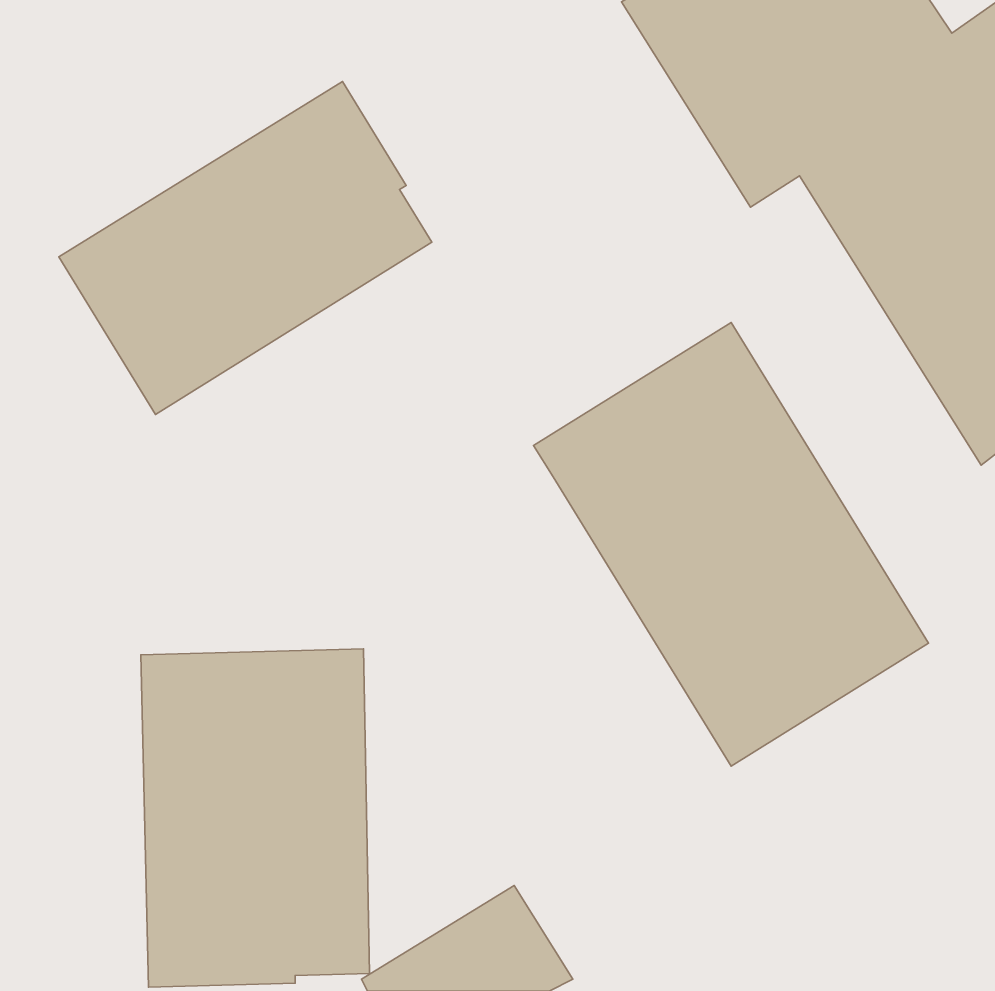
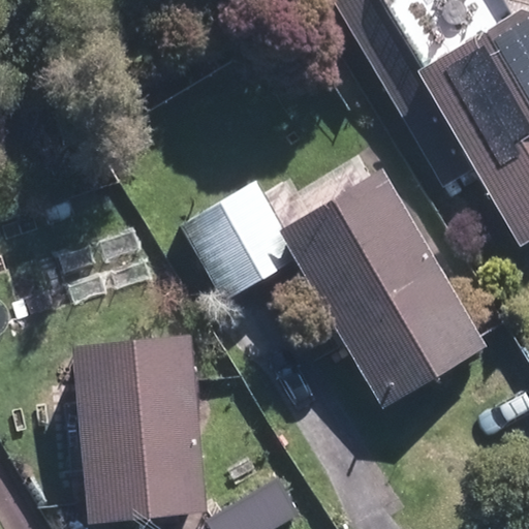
building: [59,82,432,415] -> none
building: none -> [179,181,295,300]

